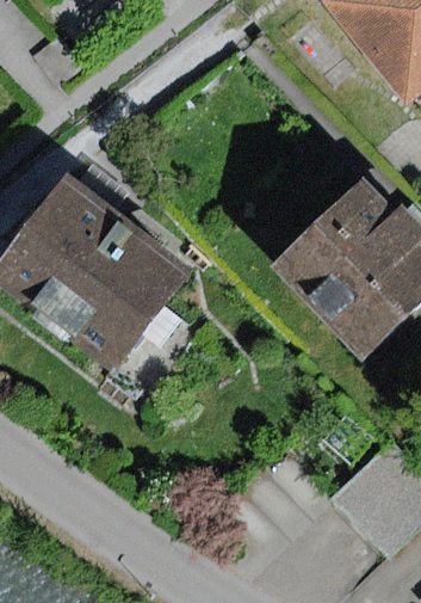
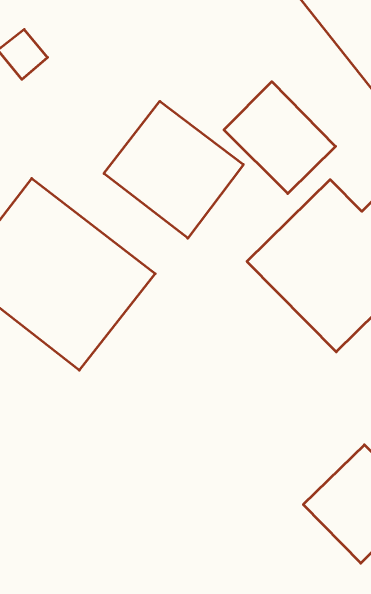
building: none -> [224,82,336,194]
building: none -> [104,101,243,238]

